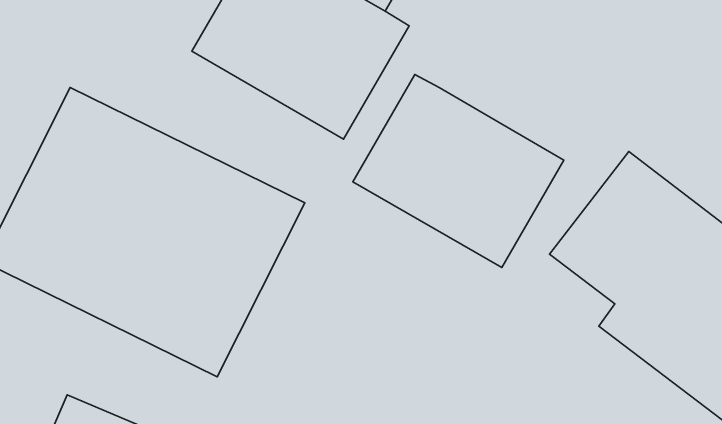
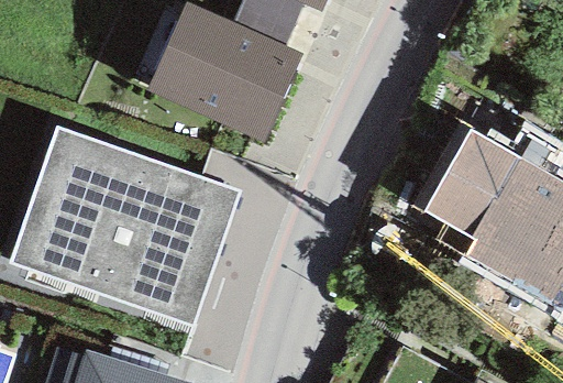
building: [353,74,564,268] -> none

